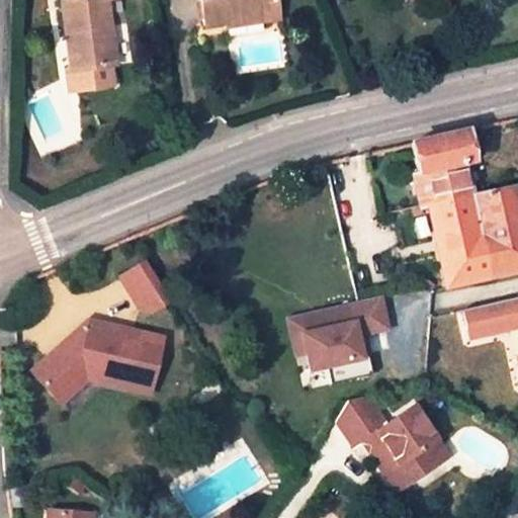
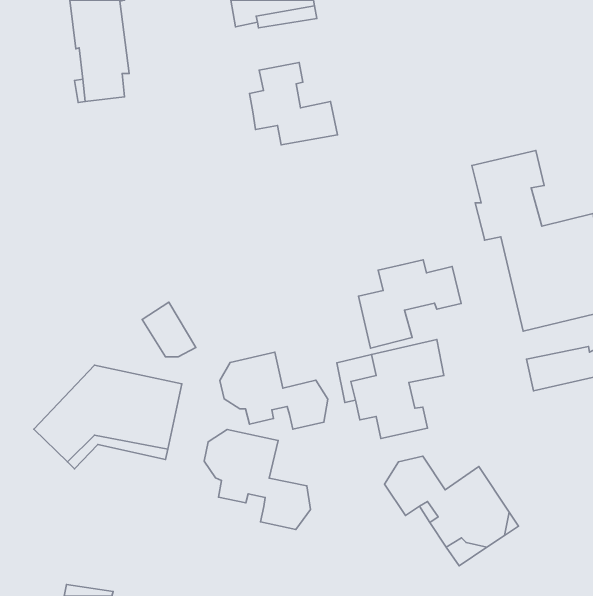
building: none -> [249,63,338,145]
building: none -> [359,260,461,348]
building: none -> [220,352,328,429]
building: none -> [204,430,310,529]

